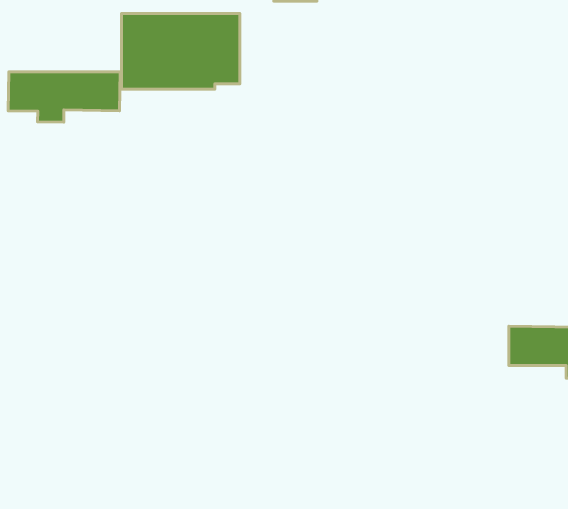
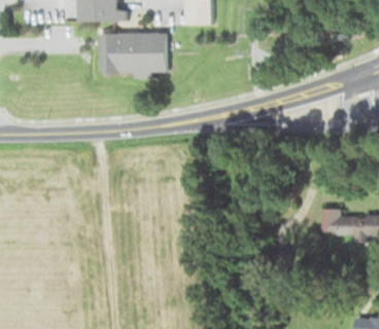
building: [8,72,120,122] -> none

